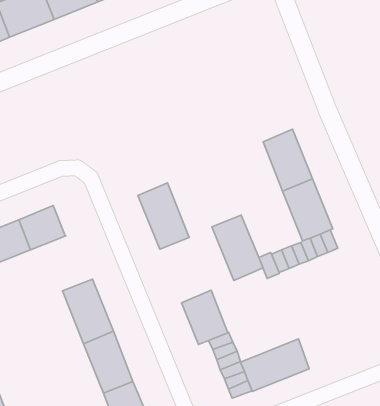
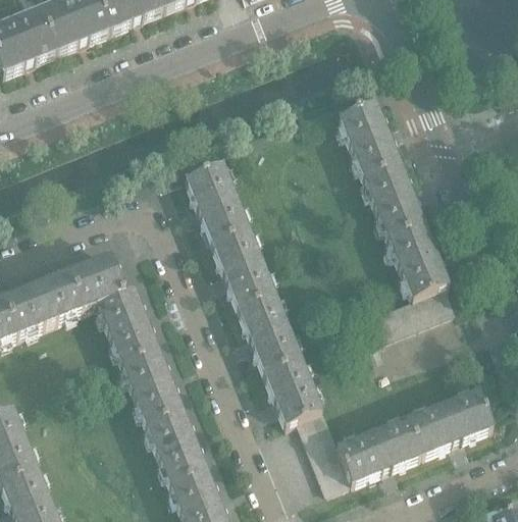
building: none -> [338,99,399,176]
building: none -> [185,161,247,242]
building: [212,215,263,281] -> [238,293,300,372]
building: none -> [96,285,156,358]
building: none -> [406,387,491,453]

